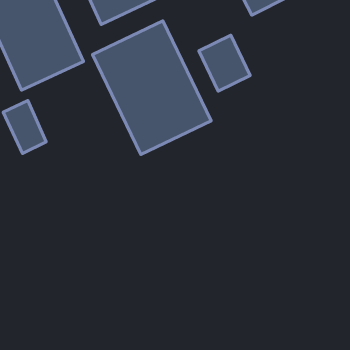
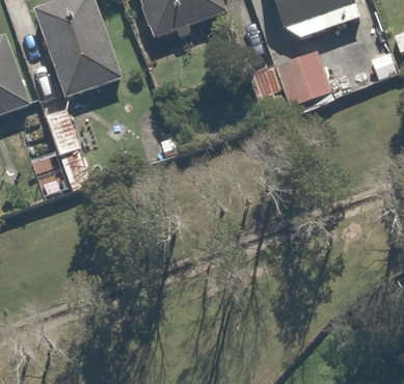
building: none -> [274,46,330,102]
building: [92,21,211,154] -> none

